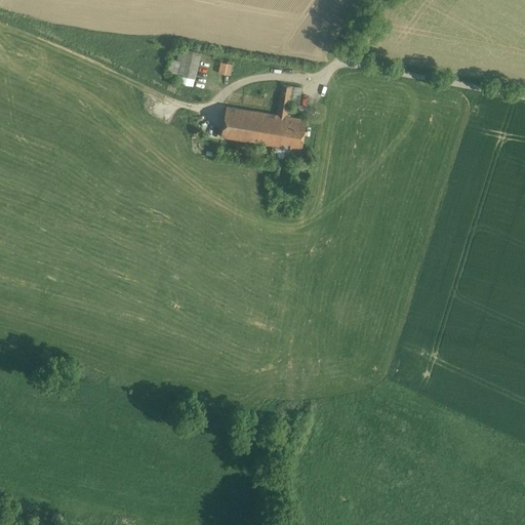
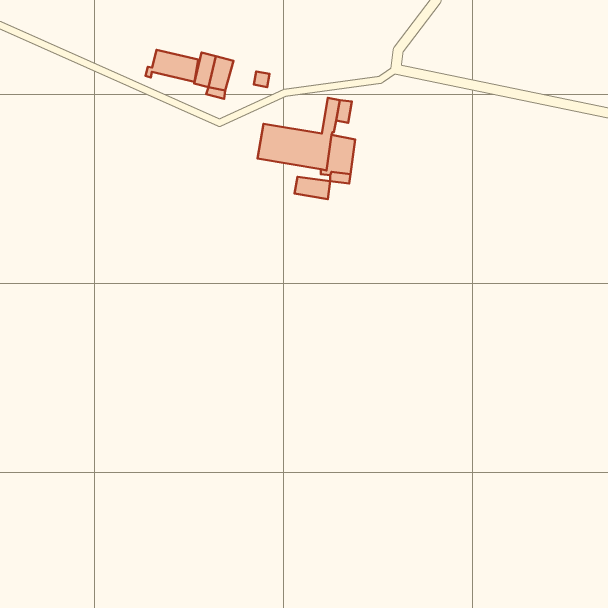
building: none -> [146,50,198,82]
building: none -> [294,177,330,199]

